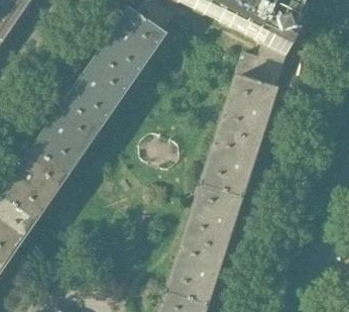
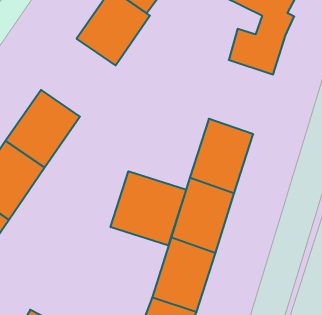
building: [66,55,133,125] -> none
building: [218,74,276,141] -> none
building: none -> [111,171,186,245]

